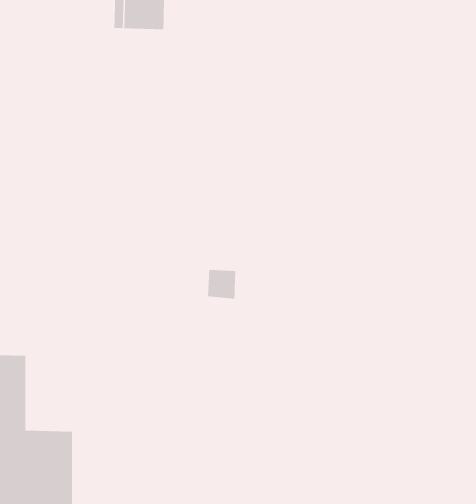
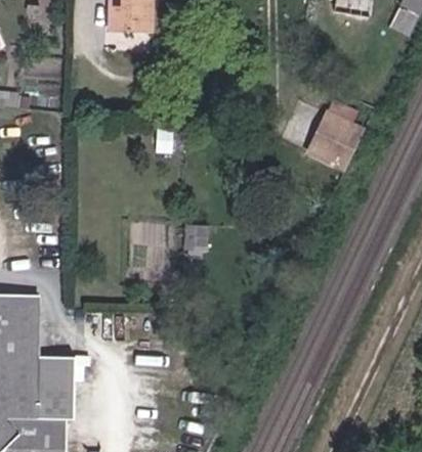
building: none -> [307,114,363,170]

